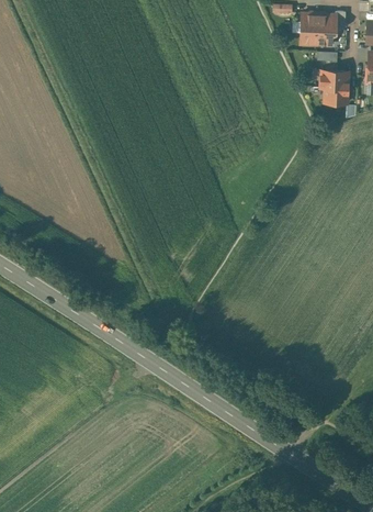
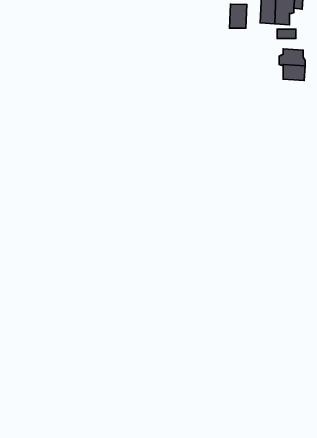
building: none -> [230,4,247,28]

